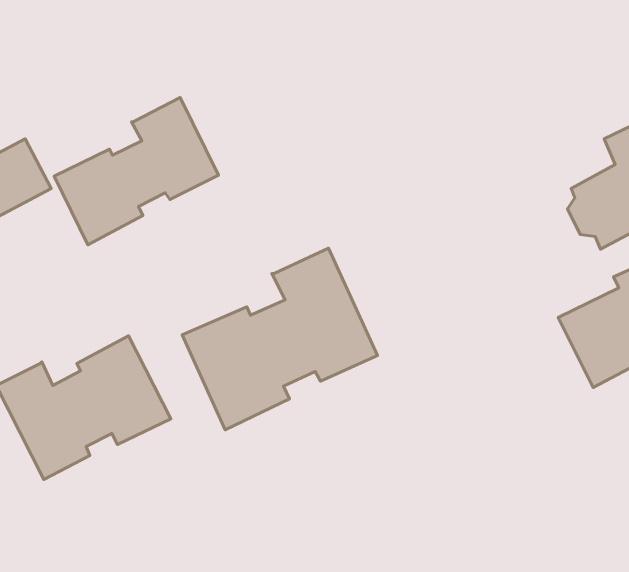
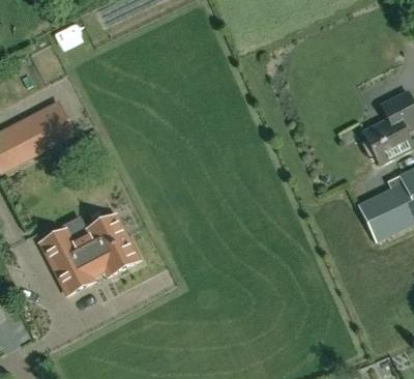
building: [54,98,218,245] -> none
building: [182,248,378,430] -> none

